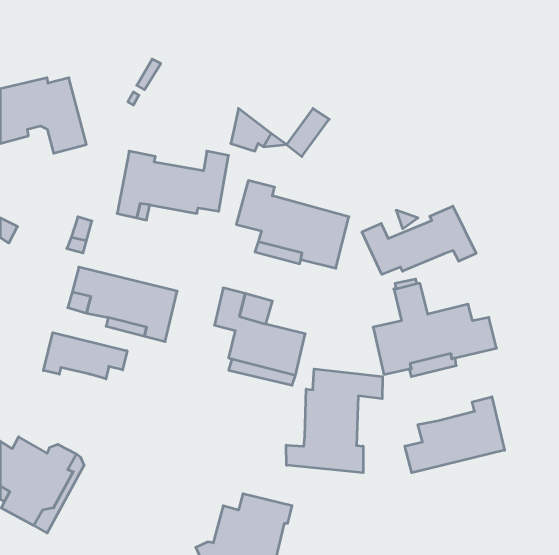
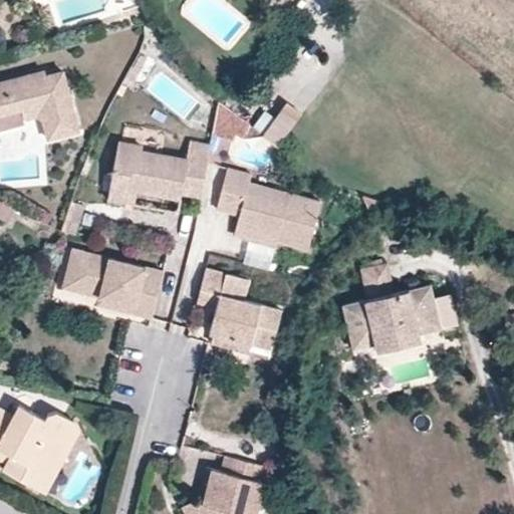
building: [362,206,476,274] -> none
building: [43,333,127,379] -> none
building: [286,369,382,473] -> none
building: [405,397,505,473] -> none

